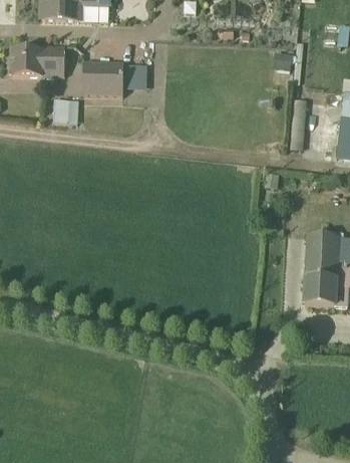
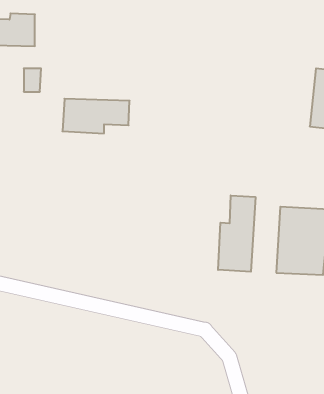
building: [81,63,147,97] -> [62,99,130,133]
building: none -> [218,195,255,272]

